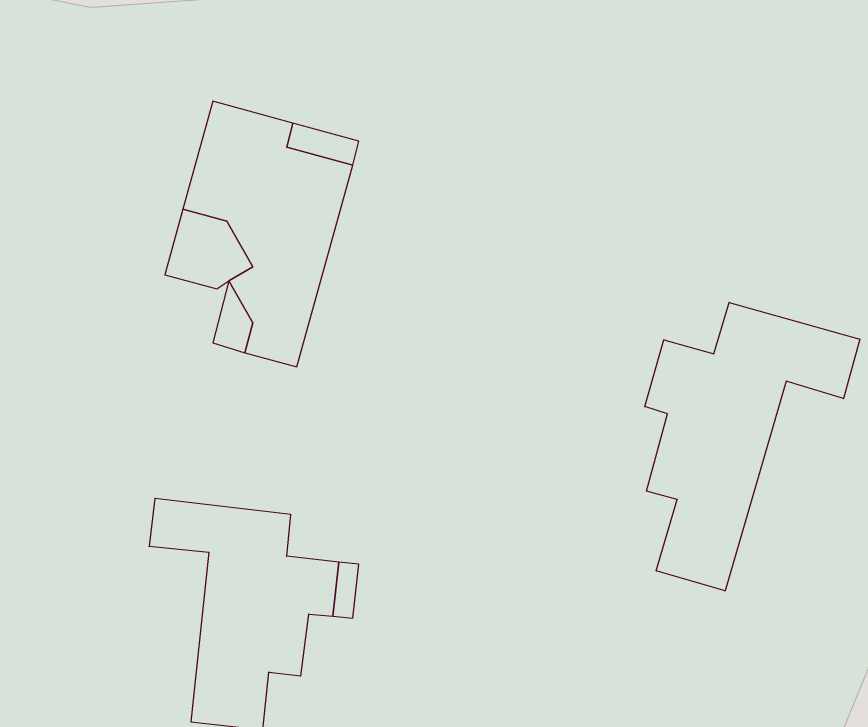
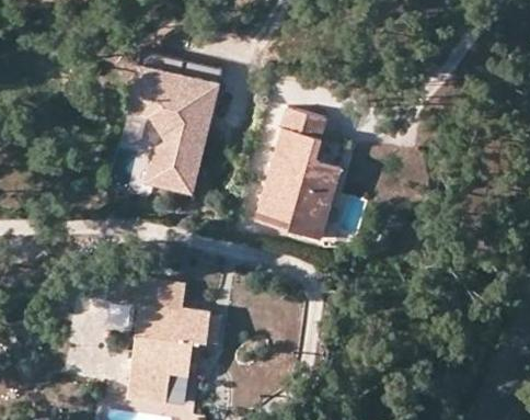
building: none -> [257,105,343,237]
building: [645,302,860,591] -> none

